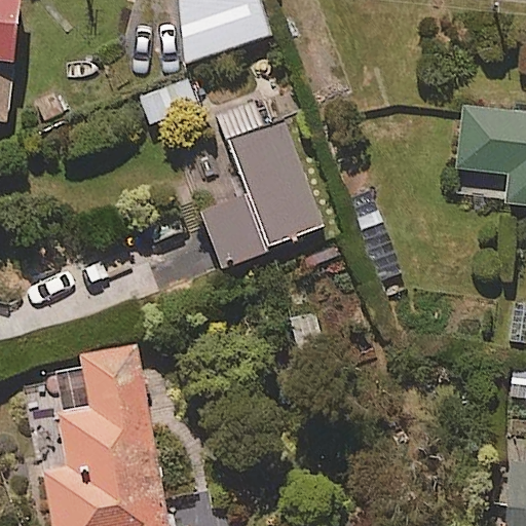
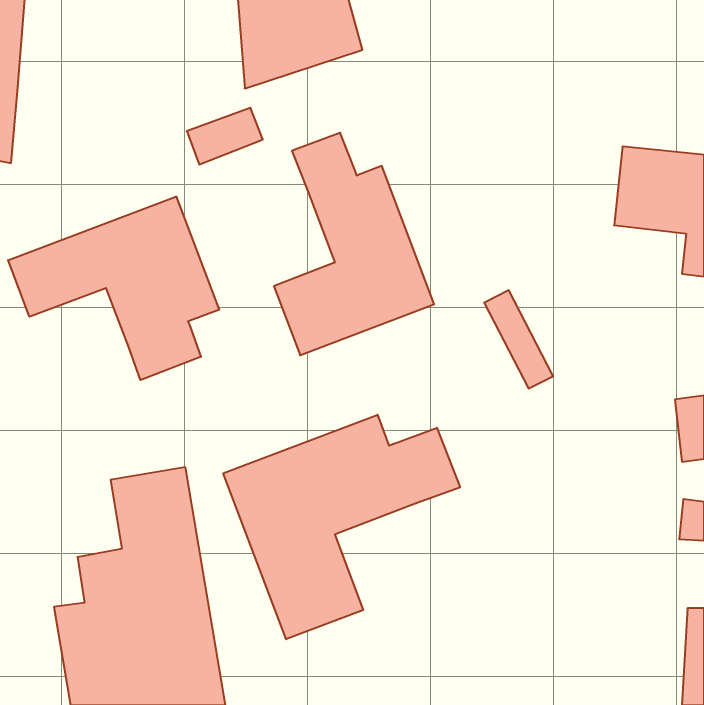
building: none -> [8,196,219,380]
building: none -> [223,415,460,639]

